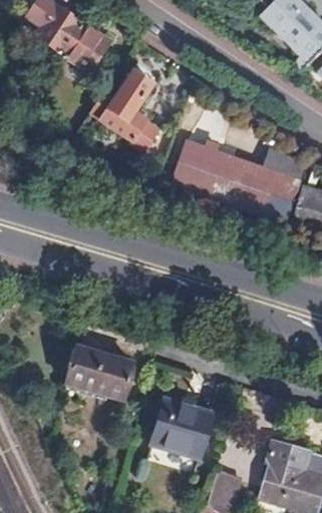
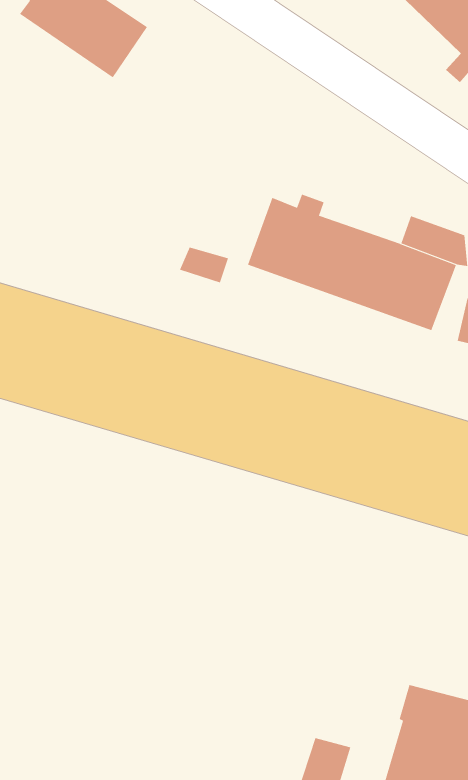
building: [101,67,156,142] -> none
building: [63,347,130,400] -> none
building: [149,401,209,459] -> none

